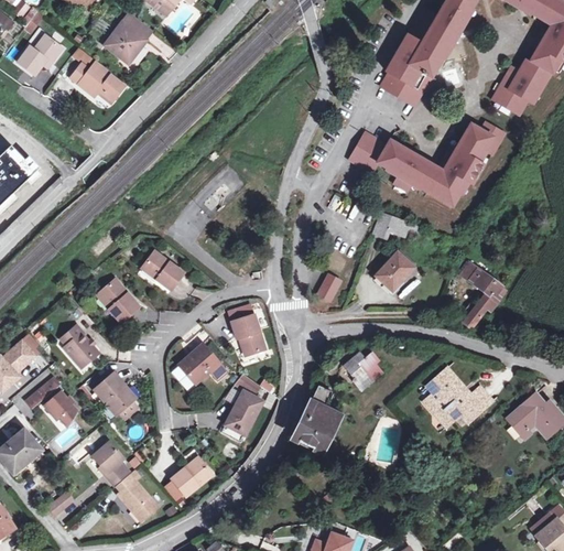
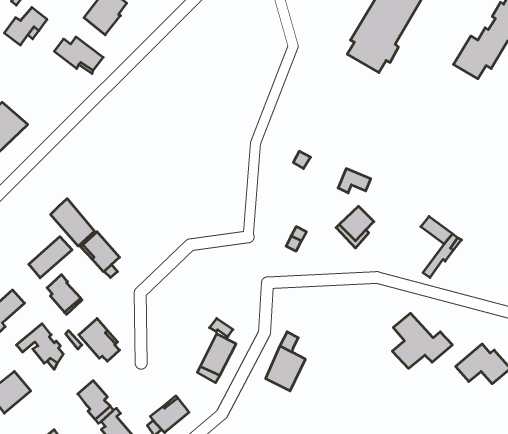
building: [352,126,509,209] -> none
building: none -> [51,199,95,246]
building: [141,249,182,288] -> none
building: none -> [29,237,72,278]
building: [230,312,265,353] -> none
building: [178,343,226,381] -> none
building: [344,350,381,388] -> none

